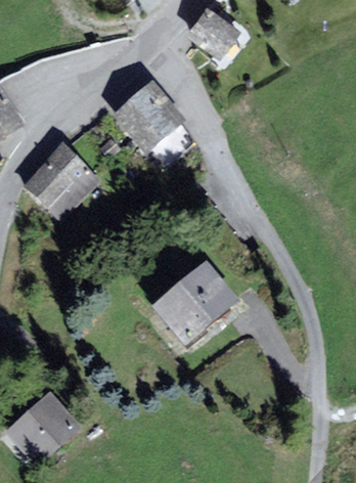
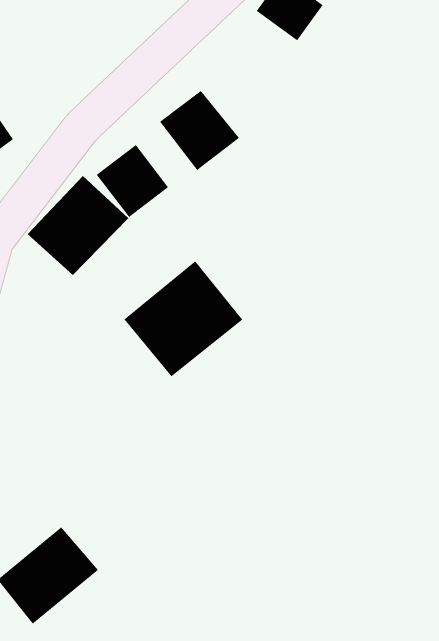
building: none -> [96,144,169,218]
building: [152,261,237,344] -> [124,261,243,377]

